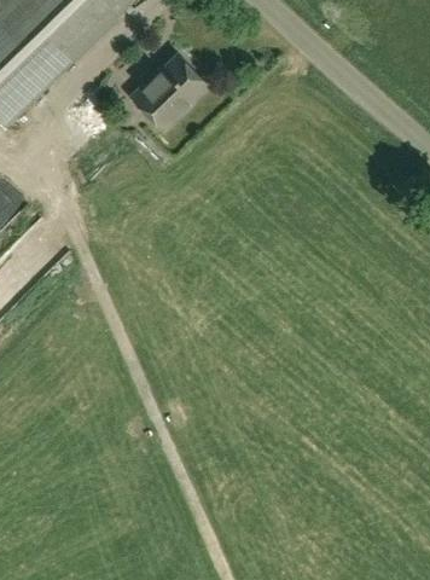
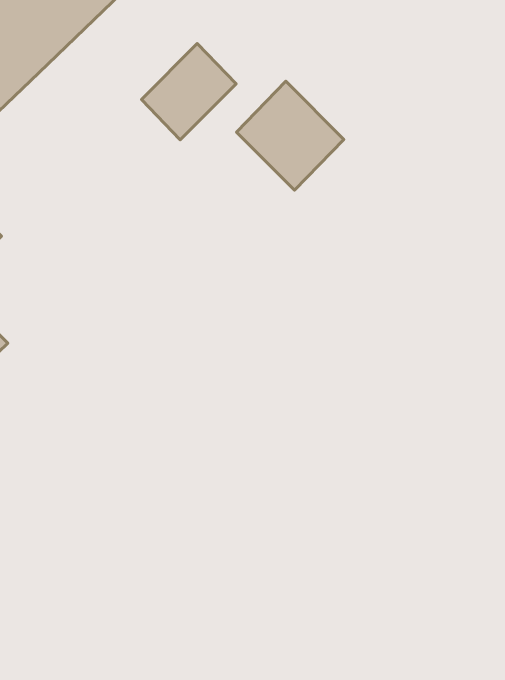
building: none -> [237,81,344,190]

